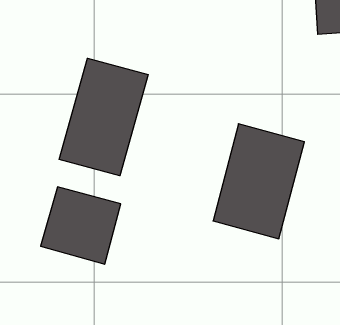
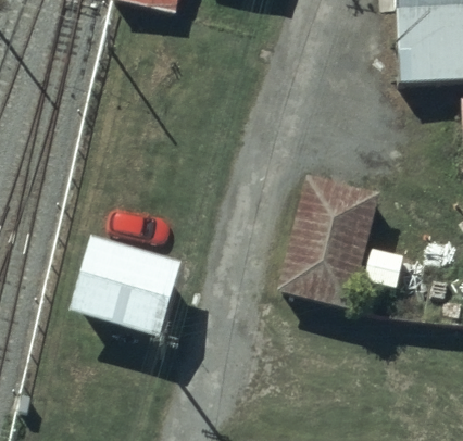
building: [59,58,148,176] -> none

